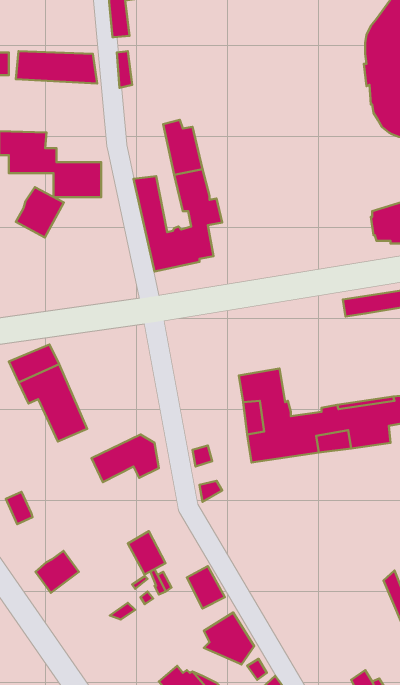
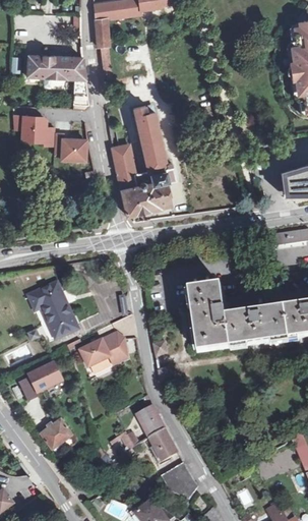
building: [16,187,64,237] -> none
building: none -> [28,360,62,390]
building: [128,531,166,575] -> [138,405,166,437]

